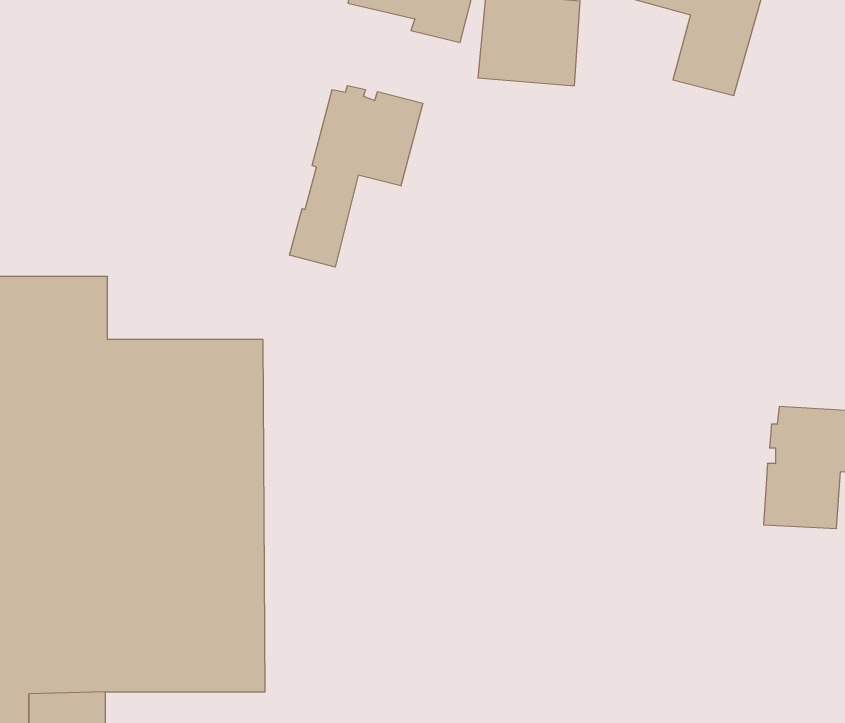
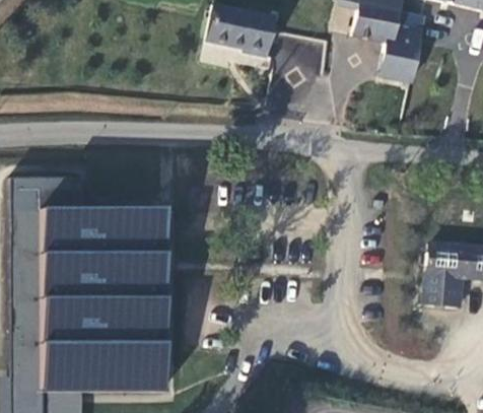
building: [290,86,423,267] -> none

